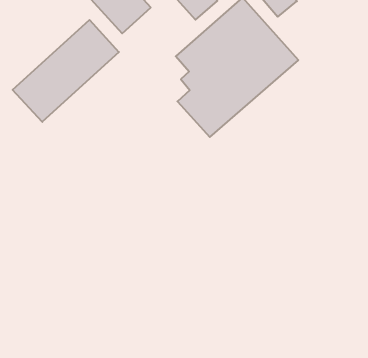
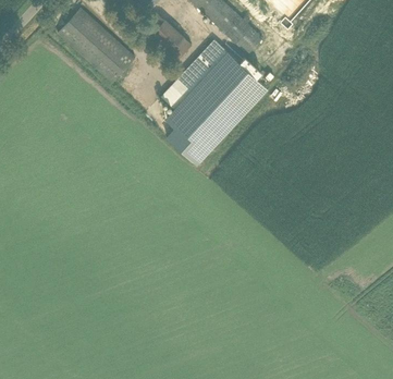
building: [13,20,119,122] -> none

